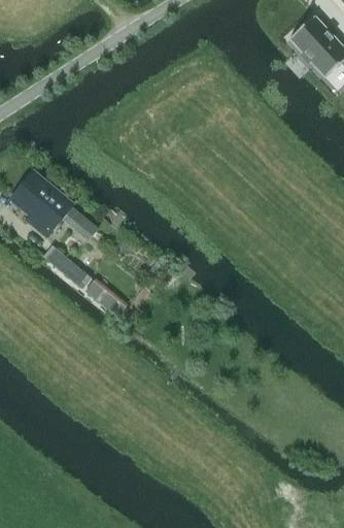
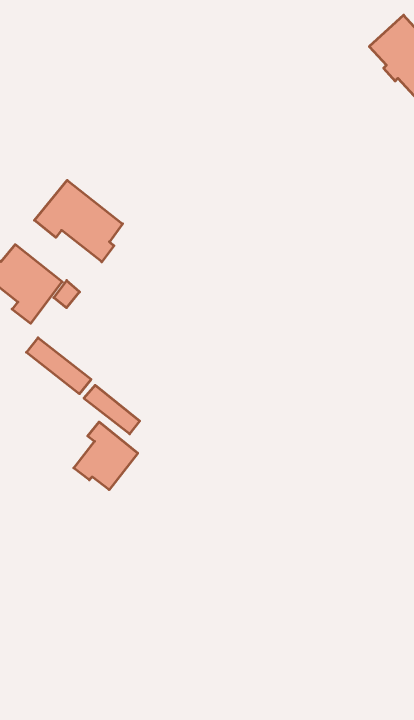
building: none -> [34,180,123,262]
building: none -> [74,422,138,490]

